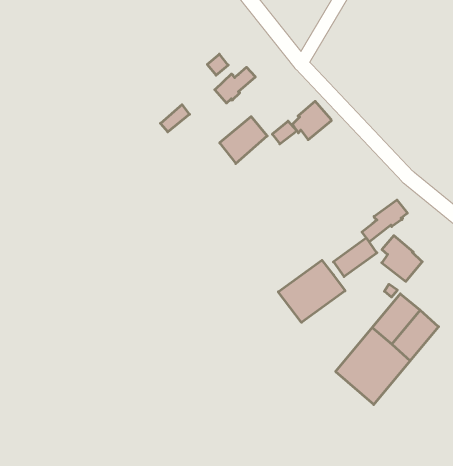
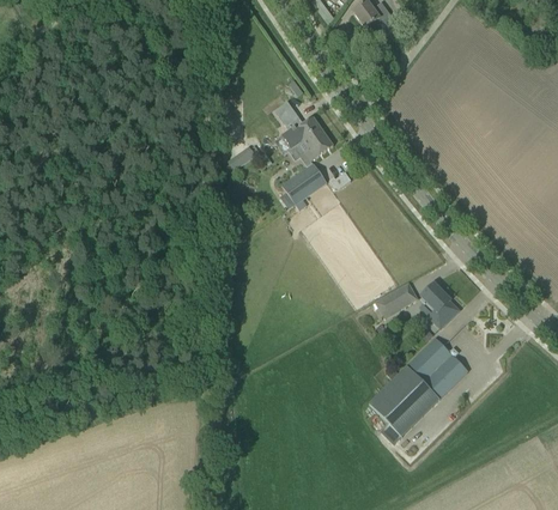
building: [292,101,331,140] -> [297,127,333,162]
building: [362,200,407,242] -> none
building: [278,260,345,322] -> none

